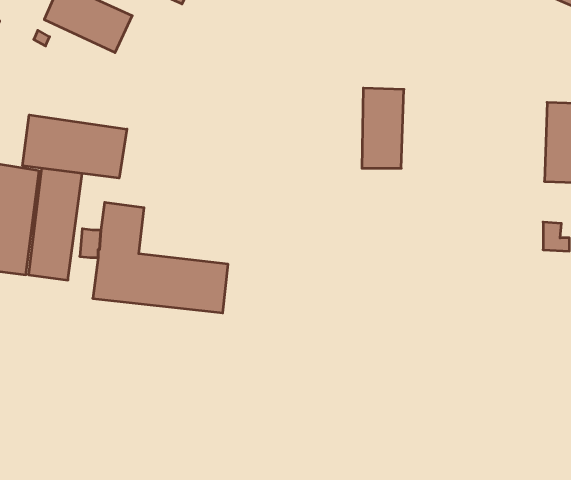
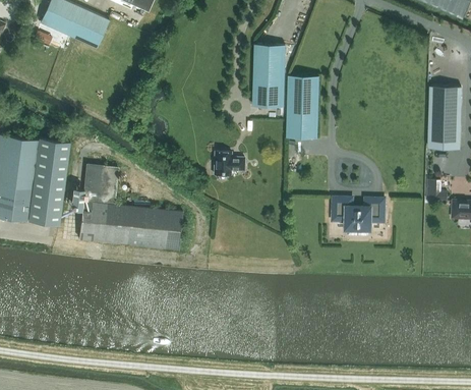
building: none -> [252,45,285,107]
building: [23,115,127,178] -> none
building: none -> [214,152,244,175]
building: none -> [333,198,385,236]

